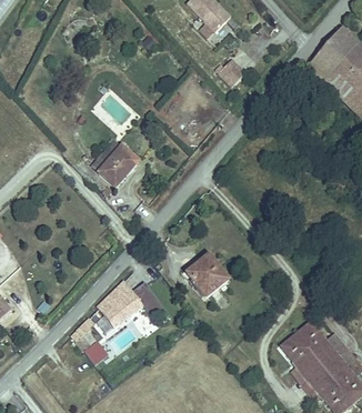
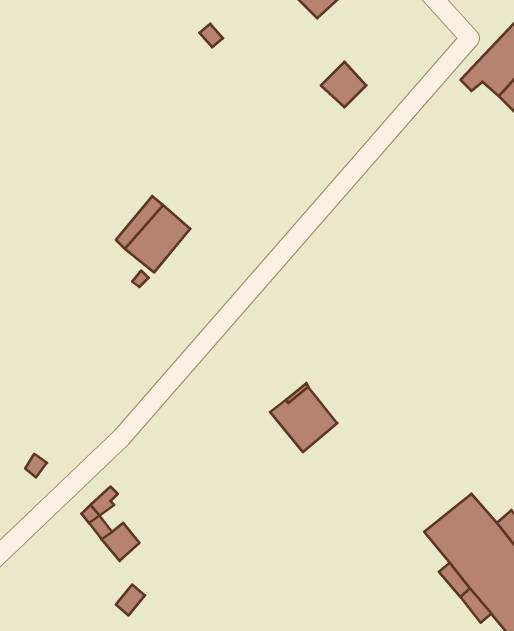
building: [98,281,165,326] -> none

